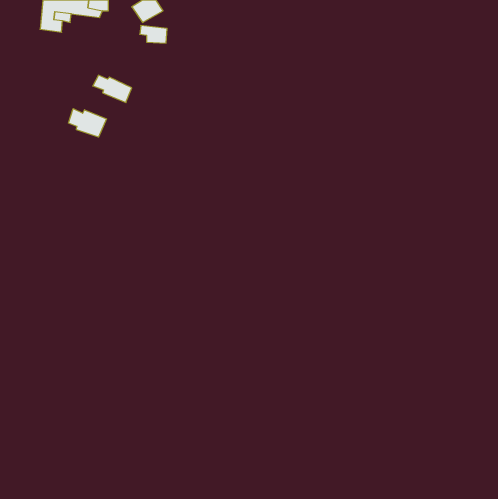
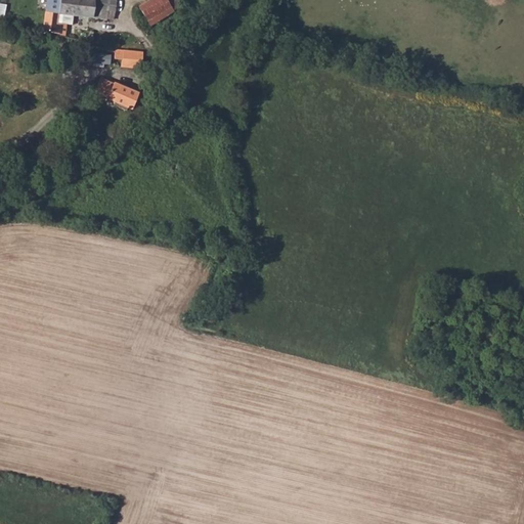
building: [140,26,167,43] -> [115,48,143,67]
building: [68,109,106,137] -> none

